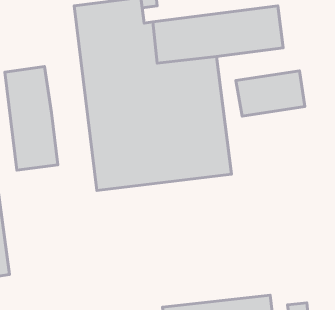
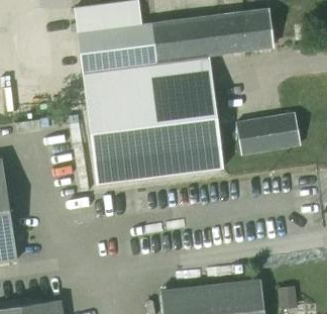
building: [5,67,58,170] -> none
building: [236,71,305,116] -> [234,112,299,154]

